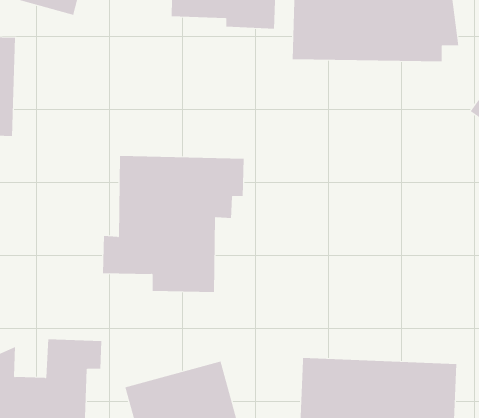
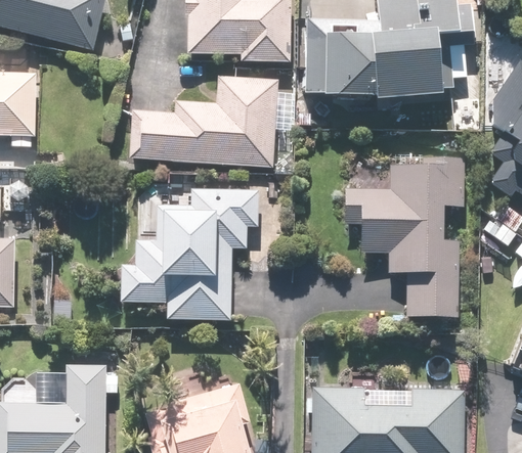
building: none -> [129,77,275,167]
building: none -> [345,155,467,317]

